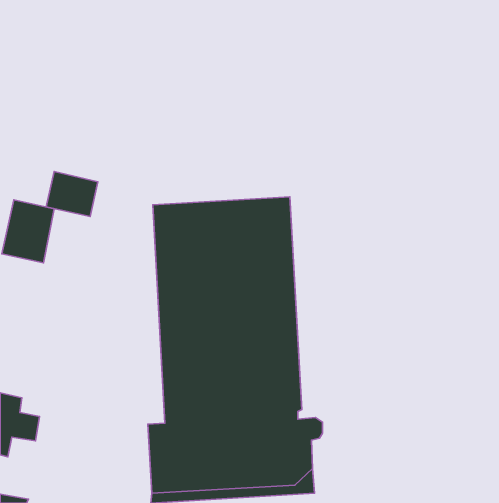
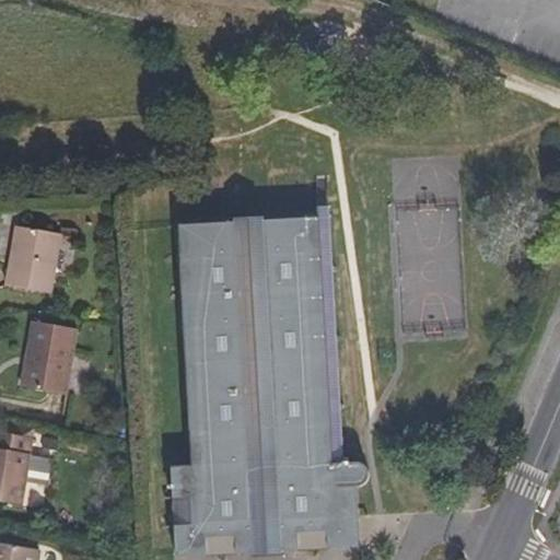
building: [46,171,98,217] -> none
building: none -> [22,317,77,390]

